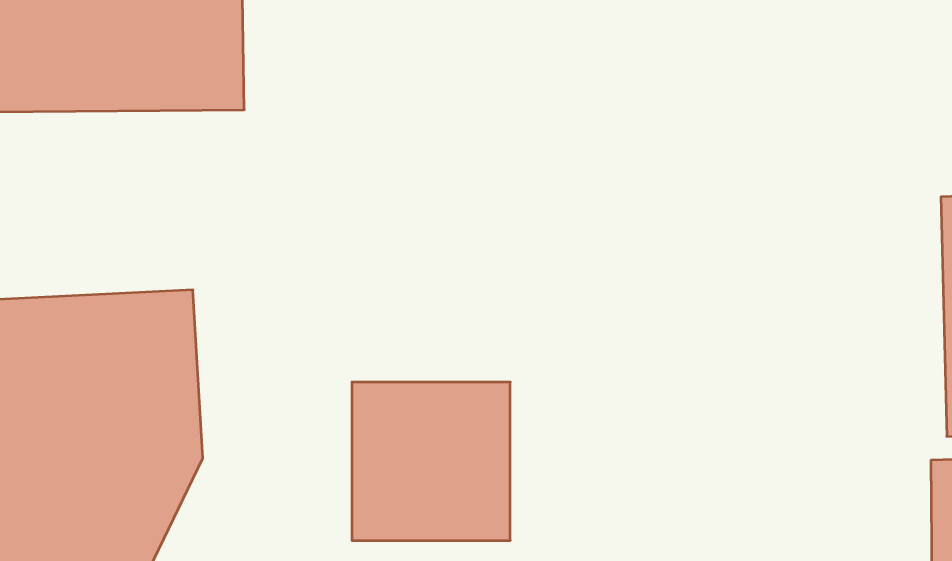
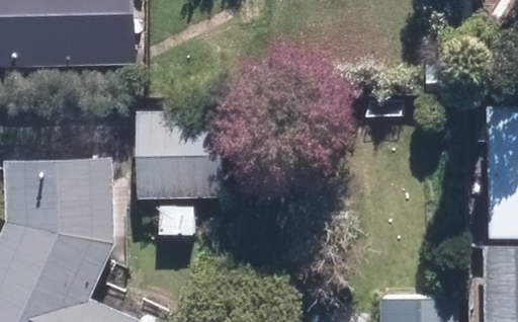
building: [352,382,510,540] -> [139,113,220,194]

